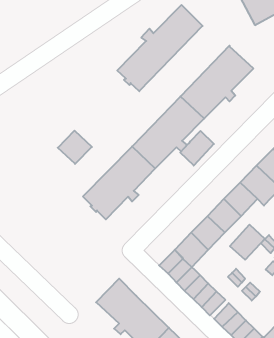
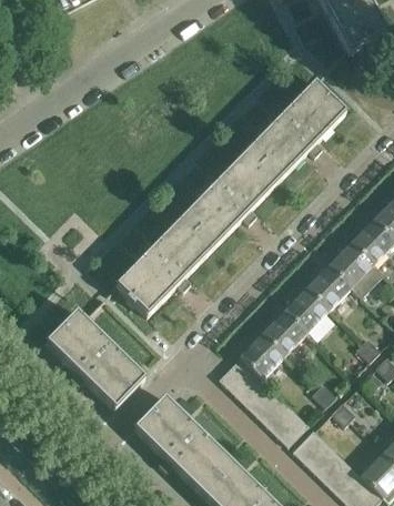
building: [117,5,203,91] -> none
building: [58,131,92,164] -> none
building: [180,131,214,166] -> none
building: none -> [46,308,145,407]
building: [230,225,265,260] -> none

